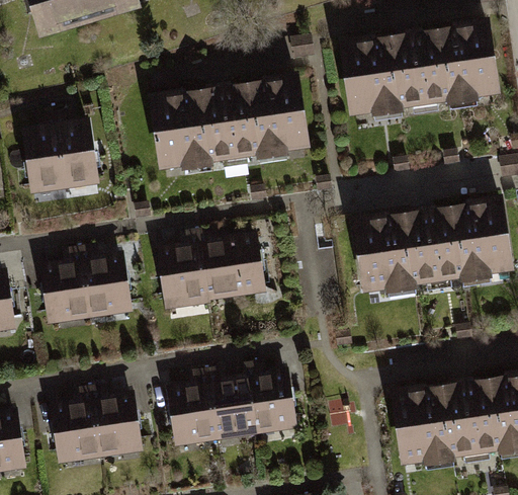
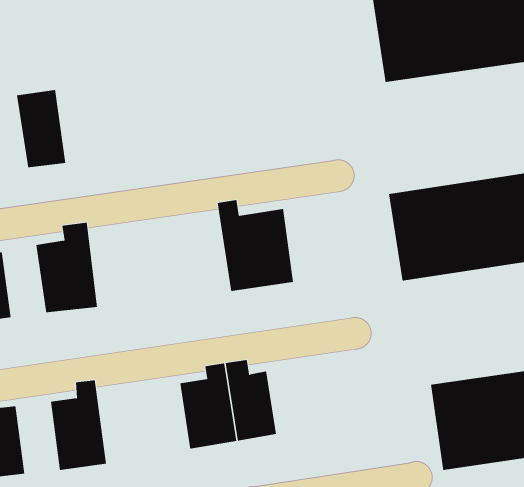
building: [148,75,310,172] -> none
building: [56,121,98,191] -> none
building: [154,227,211,312] -> none
building: [84,242,133,320] -> none
building: [242,360,293,433] -> none
building: [91,382,143,460] -> none

